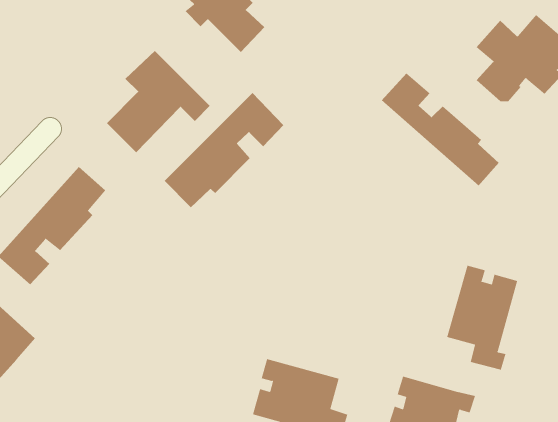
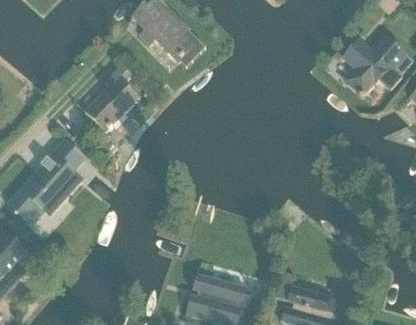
building: [381,73,499,187] -> none
building: [164,92,284,208] -> none
building: [447,265,518,370] -> none

